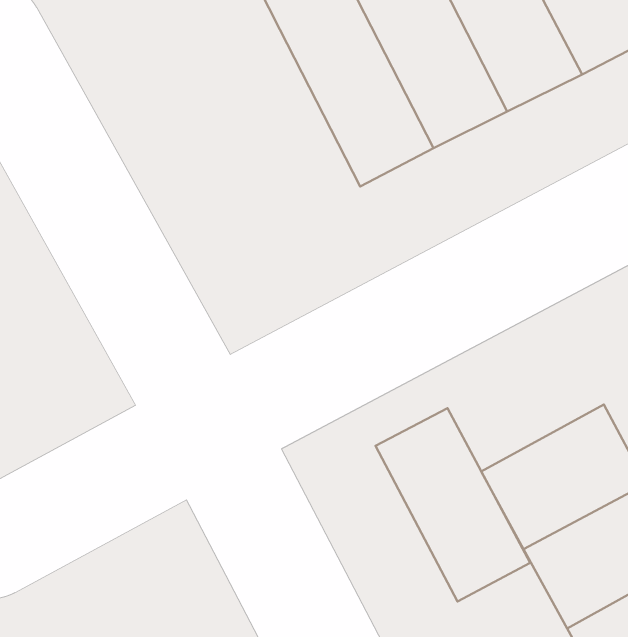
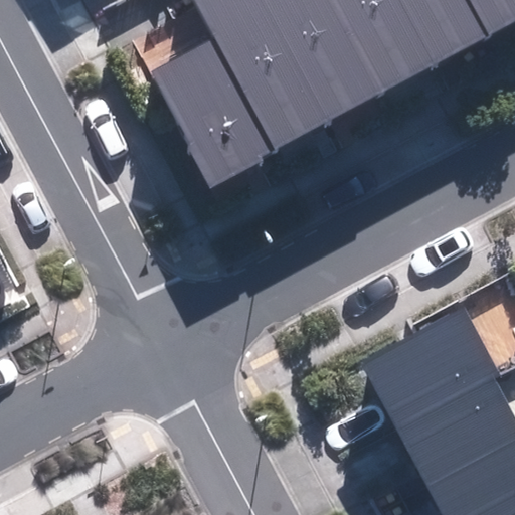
building: none -> [152,32,274,179]
building: [376,408,530,602] -> none

